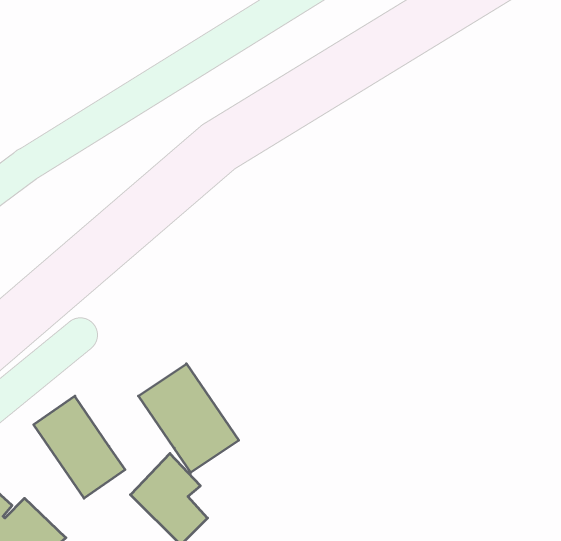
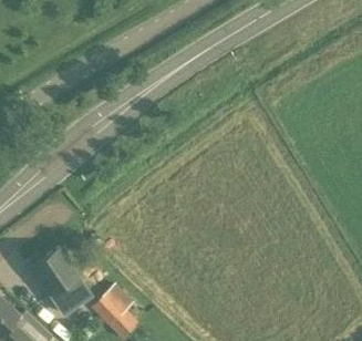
building: [138,364,239,473] -> none

